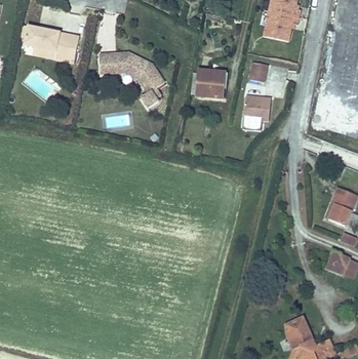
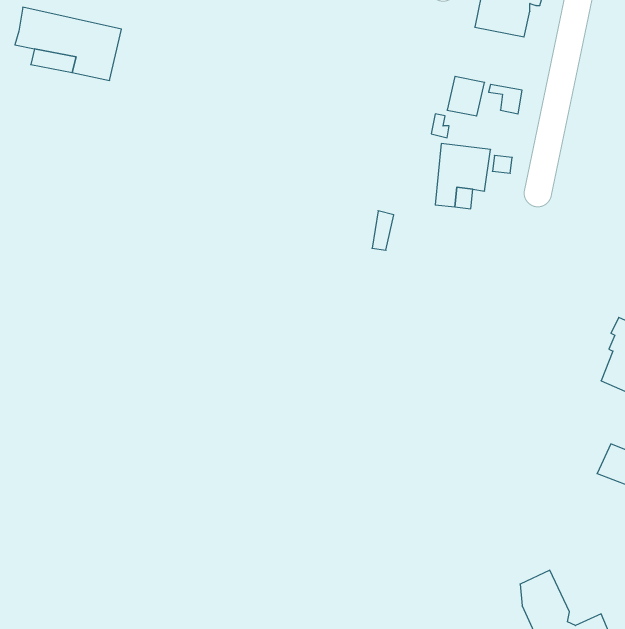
building: [100,52,164,92] -> none
building: [196,70,223,97] -> none

